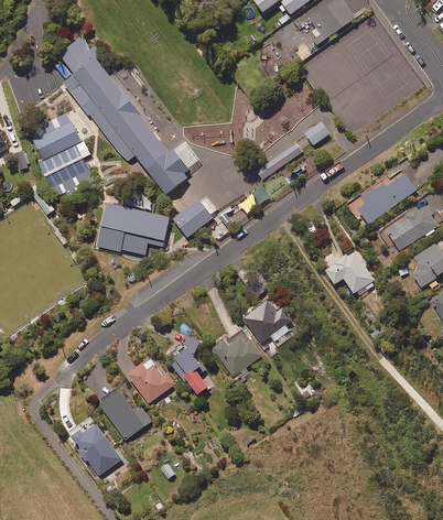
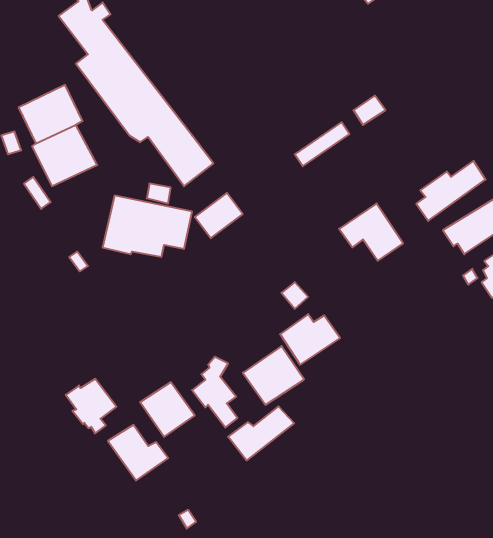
building: [322,249,375,296] -> [339,203,403,261]
building: none -> [228,406,294,460]
building: [72,423,114,468] -> [66,379,116,433]

